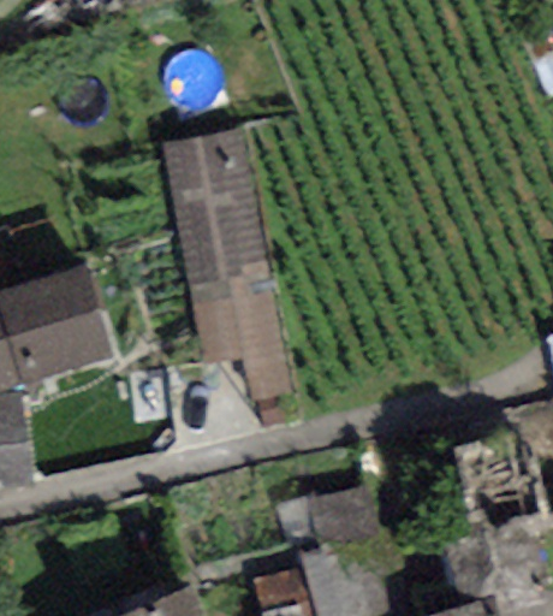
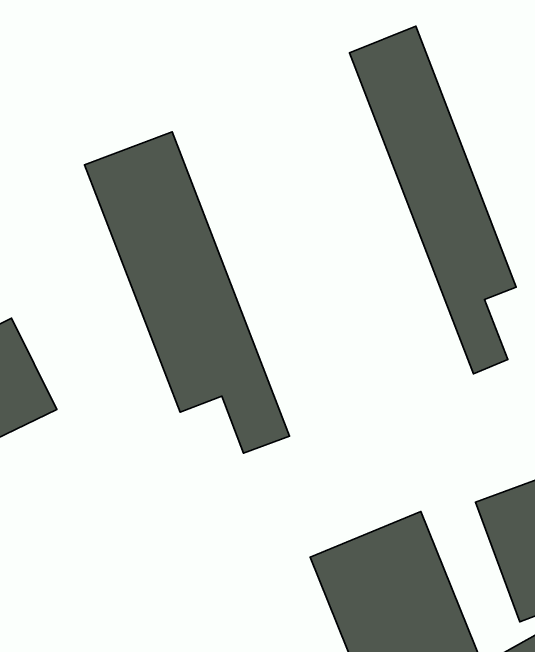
building: none -> [350,26,516,374]

